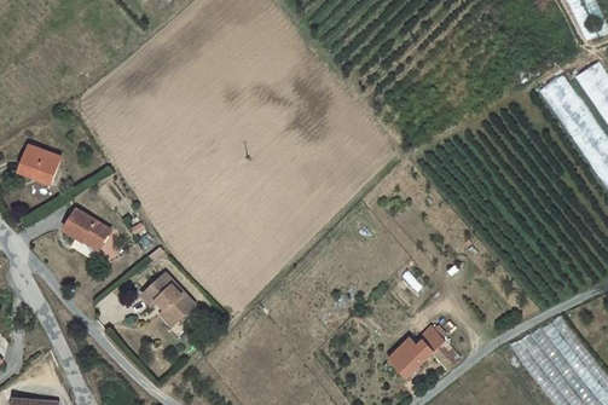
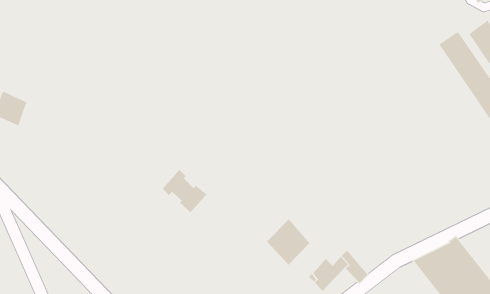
building: [62,212,108,249] -> none
building: [149,282,202,334] -> [162,169,207,213]
building: none -> [266,219,310,266]

